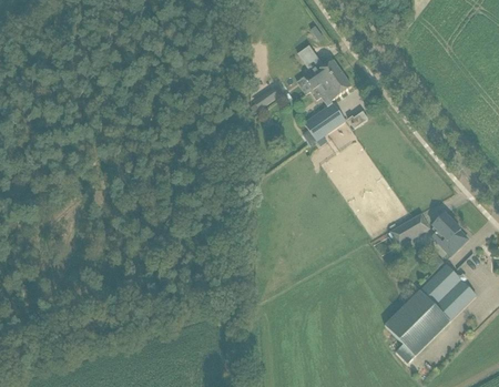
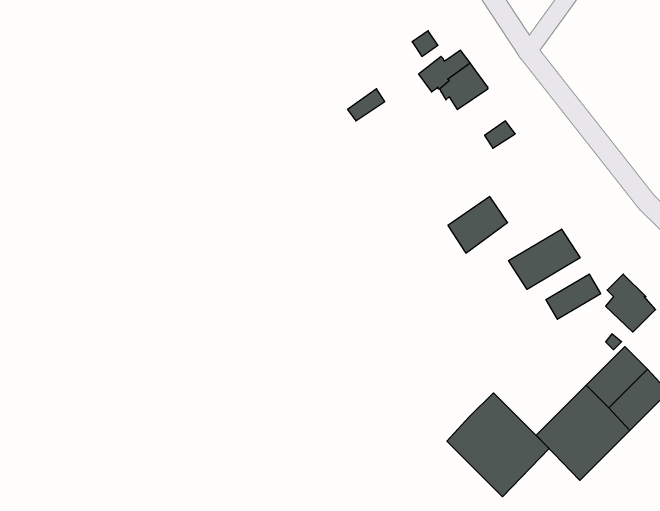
building: [303,102,344,141] -> [448,197,508,253]
building: none -> [509,229,580,289]
building: none -> [447,393,549,497]

